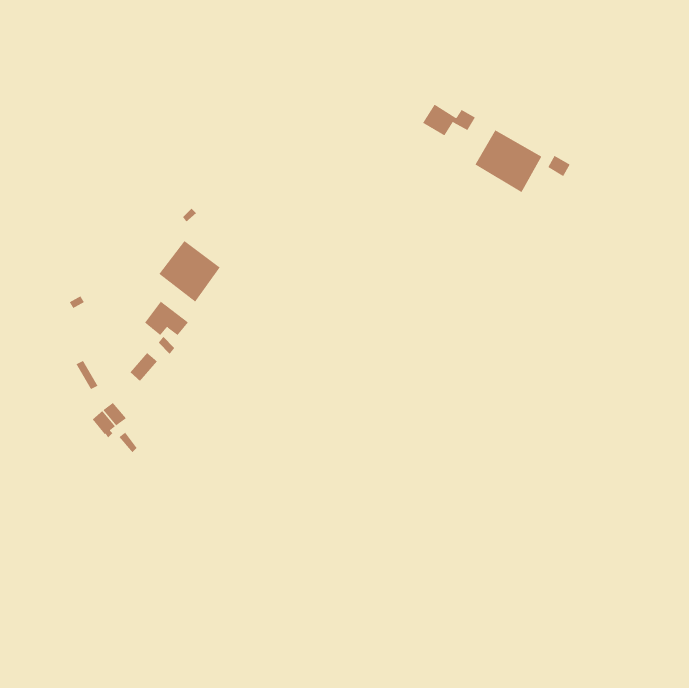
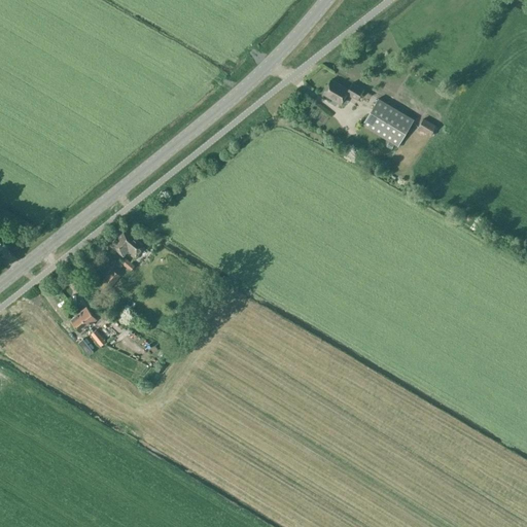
building: [159,240,221,303] -> none

